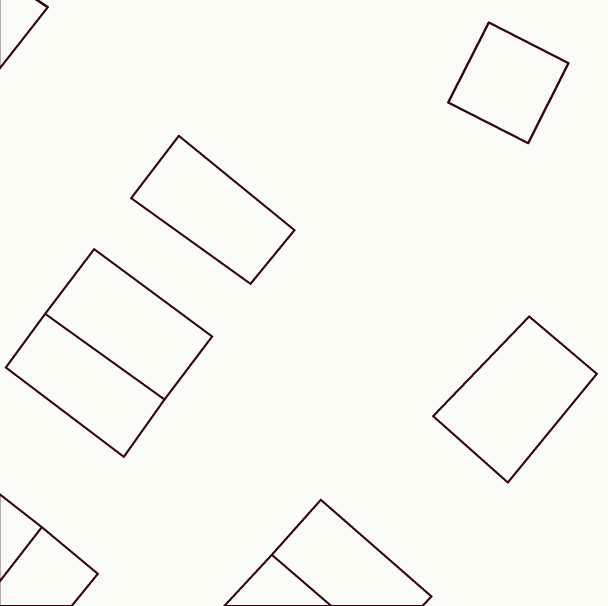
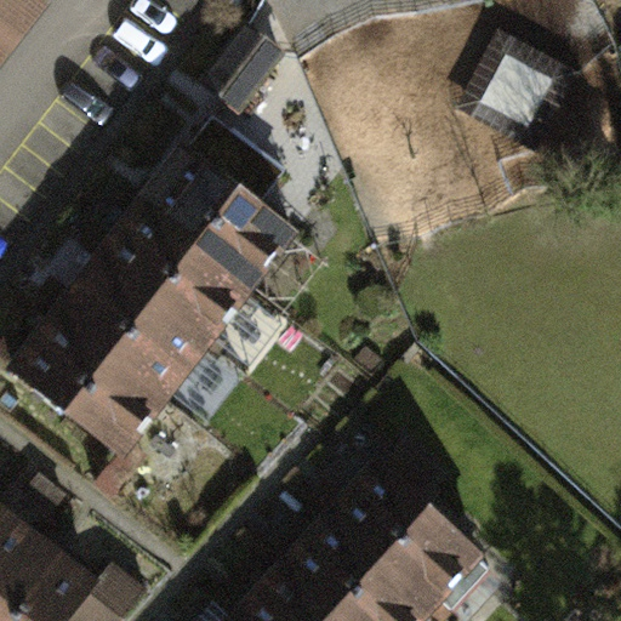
building: none -> [96,201,255,342]
building: [433,317,597,482] -> none
building: none -> [326,455,486,606]

